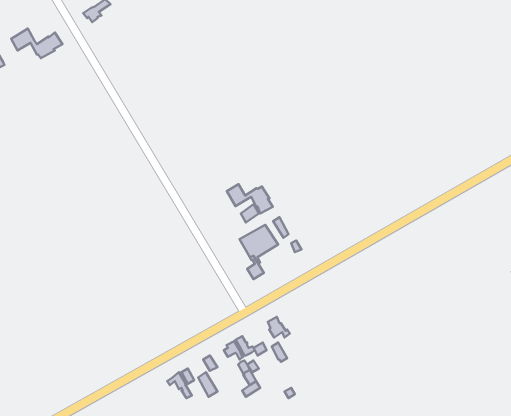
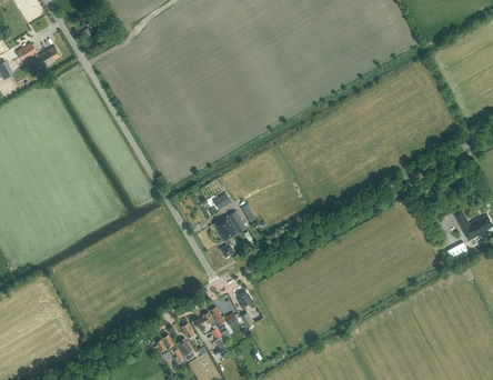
building: [227,184,273,213] -> none

